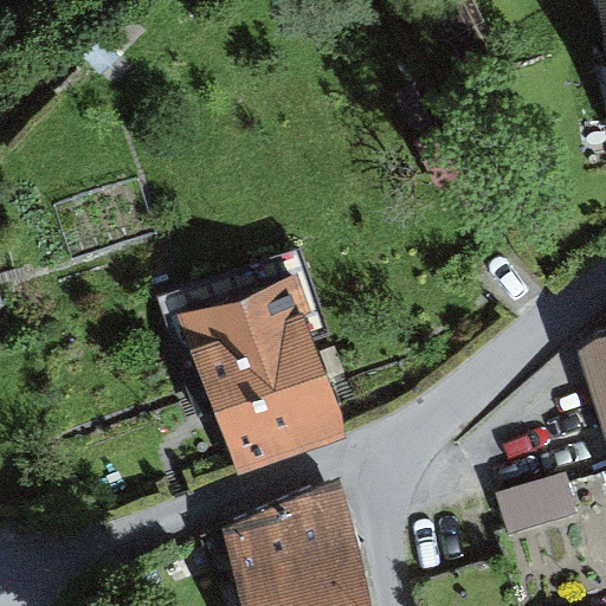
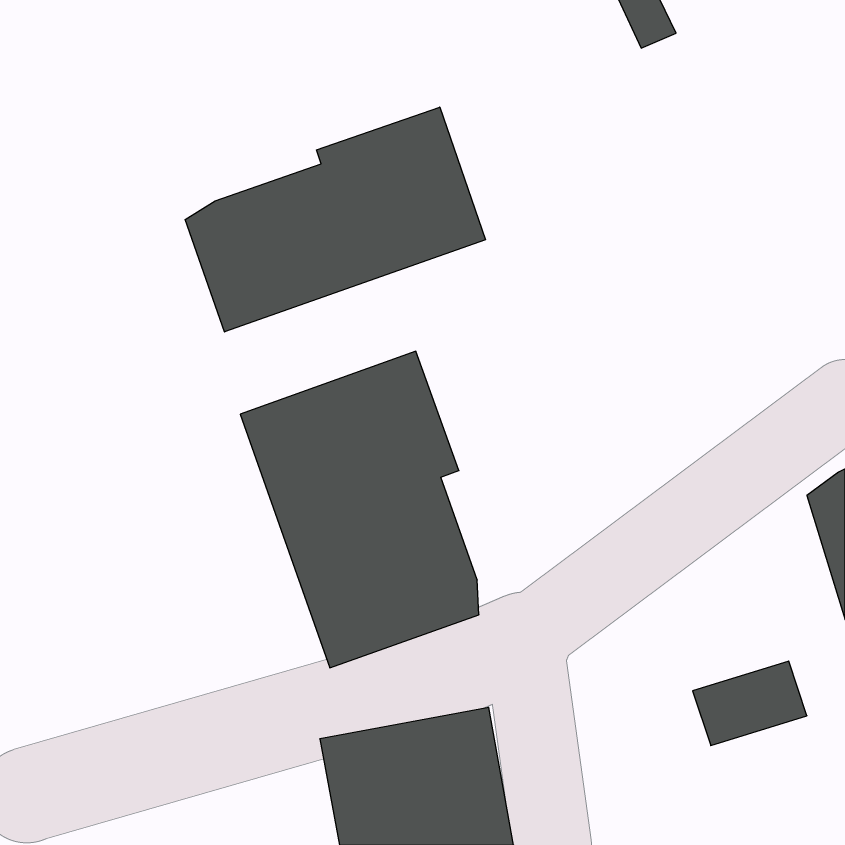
building: none -> [185,107,486,332]

